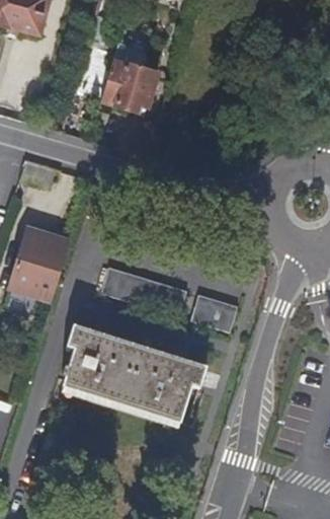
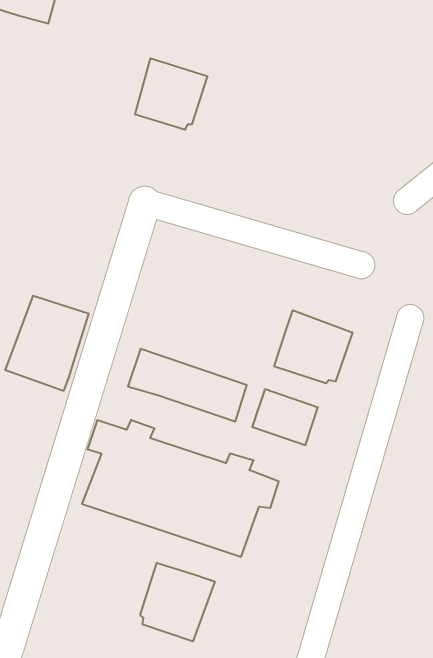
building: none -> [274,310,352,383]
building: none -> [140,563,215,641]

